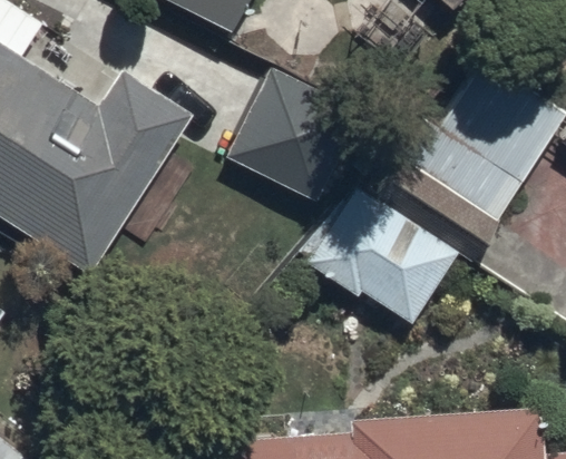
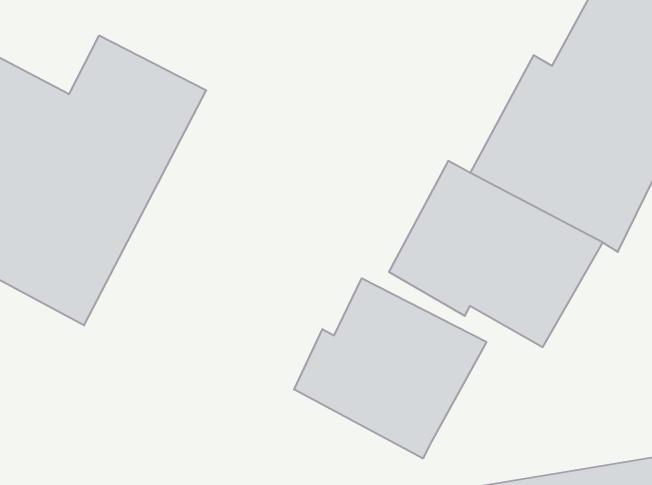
building: [230,67,362,201] -> none
building: none -> [294,278,486,458]

